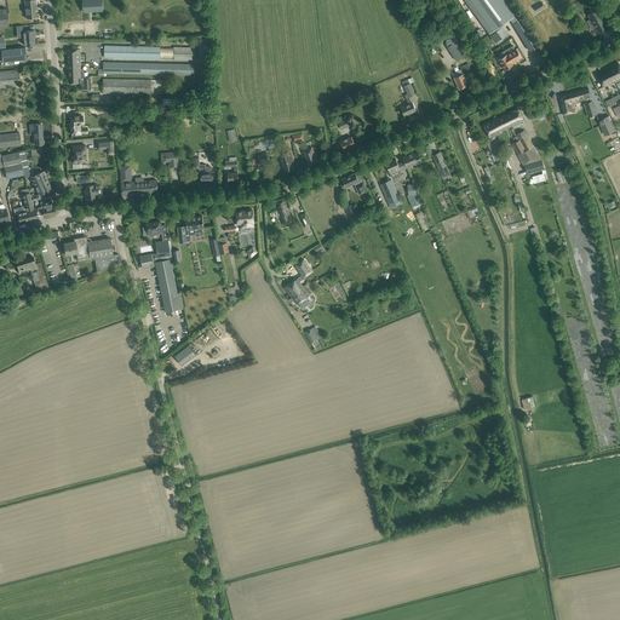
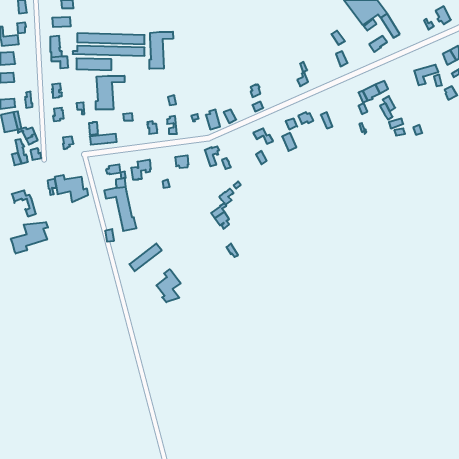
building: none -> [149,32,173,69]
building: none -> [96,76,125,110]
building: none -> [11,222,48,254]
building: none -> [156,269,181,302]

